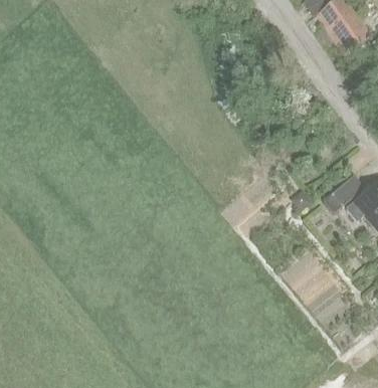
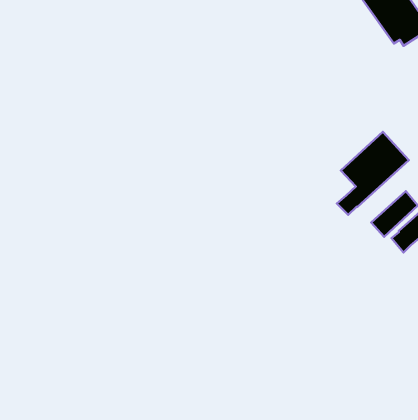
building: none -> [337,132,409,215]

